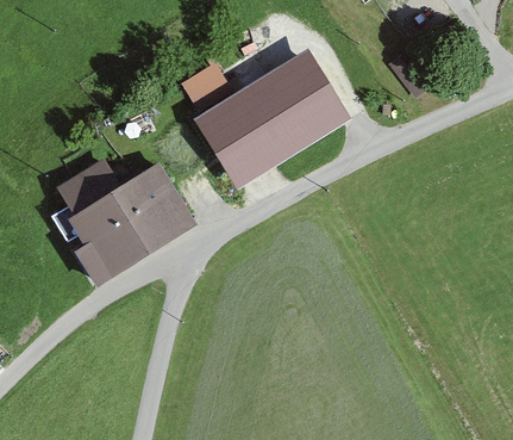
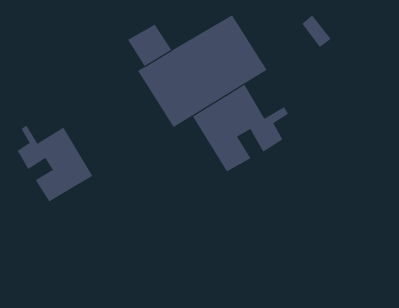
building: none -> [192,84,289,172]
building: [65,163,189,246] -> none

